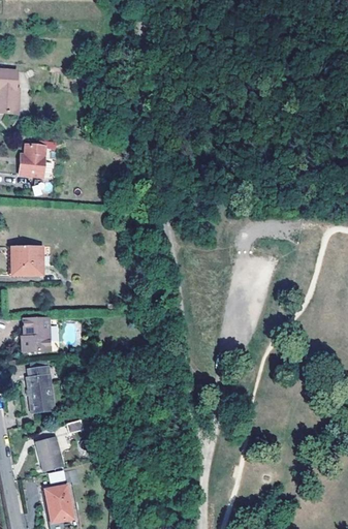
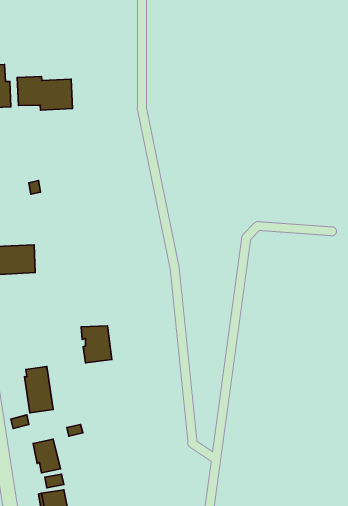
building: none -> [17,77,73,110]
building: [14,145,41,175] -> none
building: [26,316,56,352] -> [81,326,112,363]

